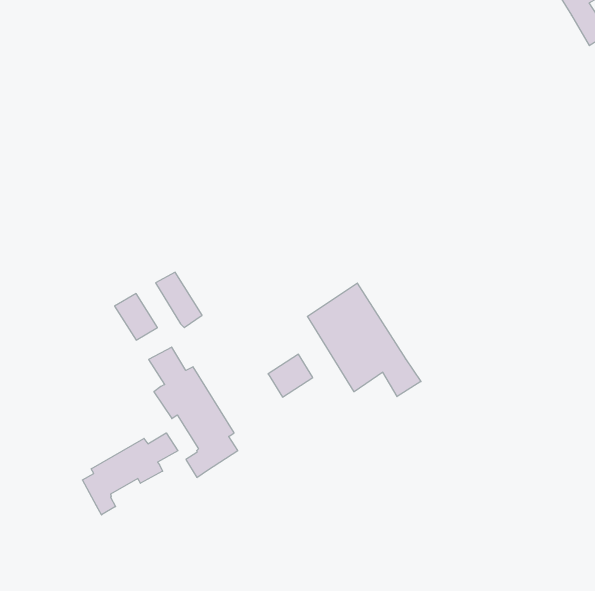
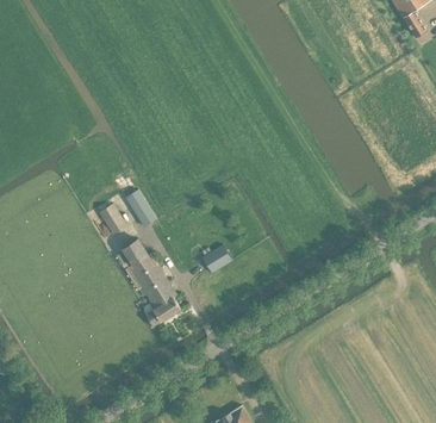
building: [307,283,421,397] -> none
building: [82,433,178,515] -> none

